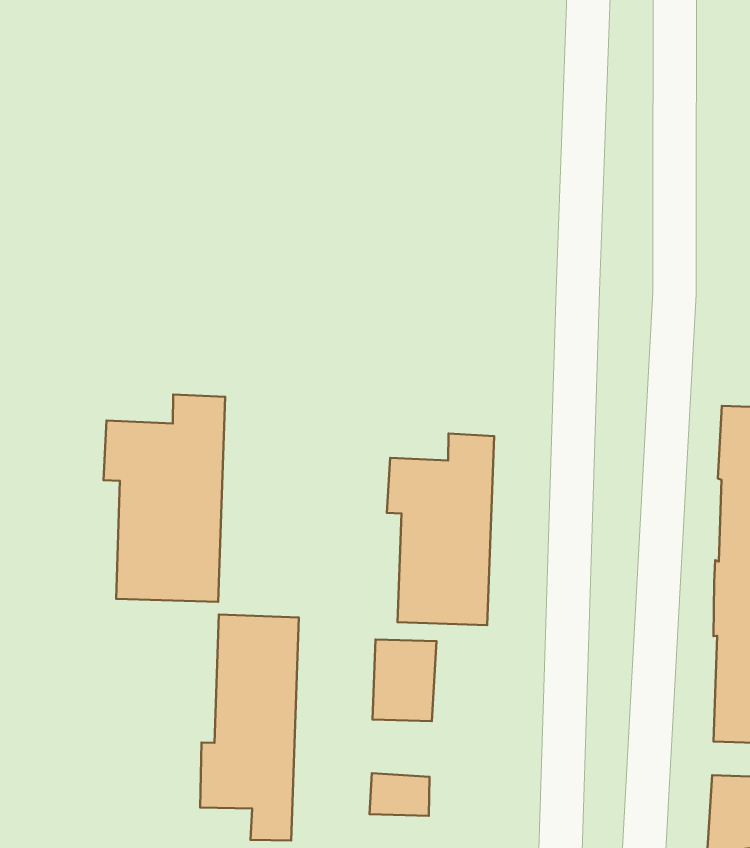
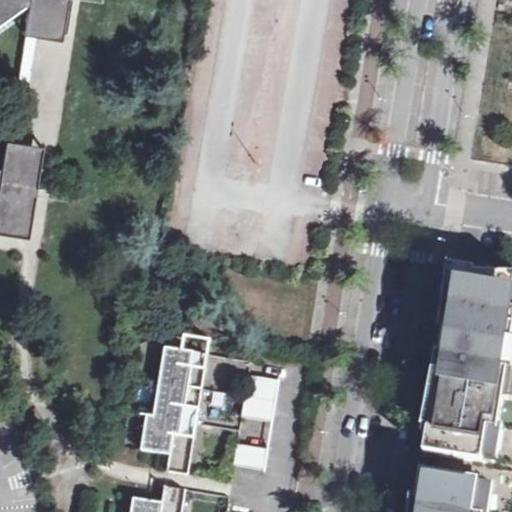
building: [103,394,225,602] -> none
building: [387,434,494,625] -> none

